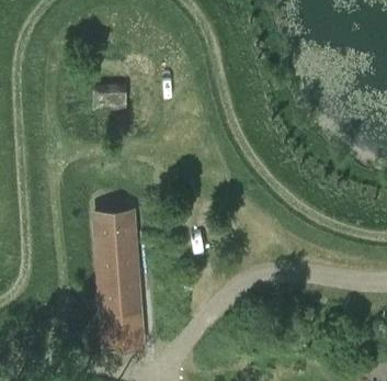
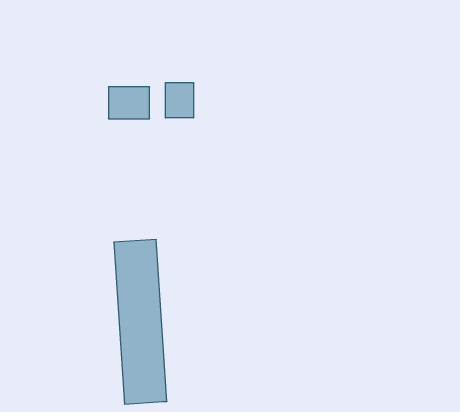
building: none -> [165,83,193,118]

